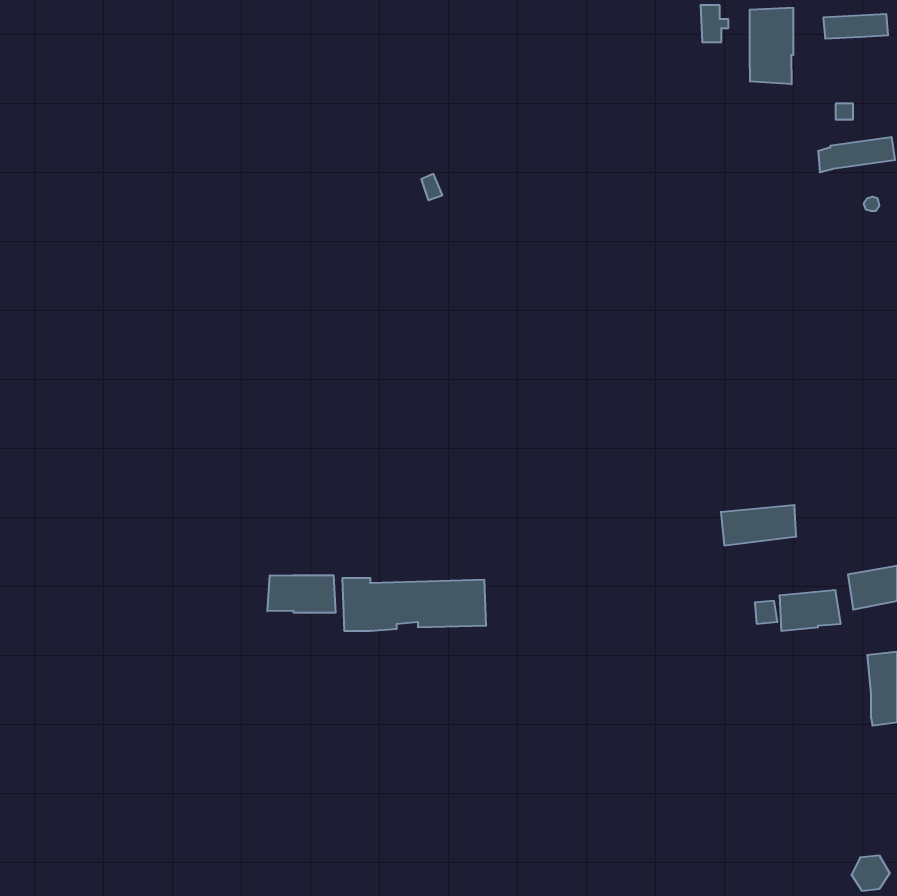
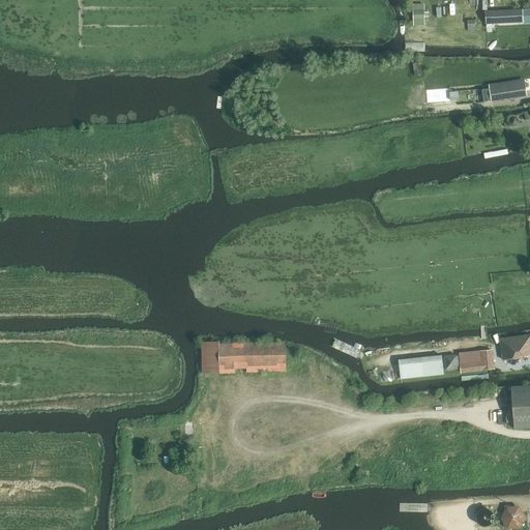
building: [750,8,793,84] -> none
building: [721,505,796,545] -> [399,354,443,378]
building: [267,575,335,613] -> none

